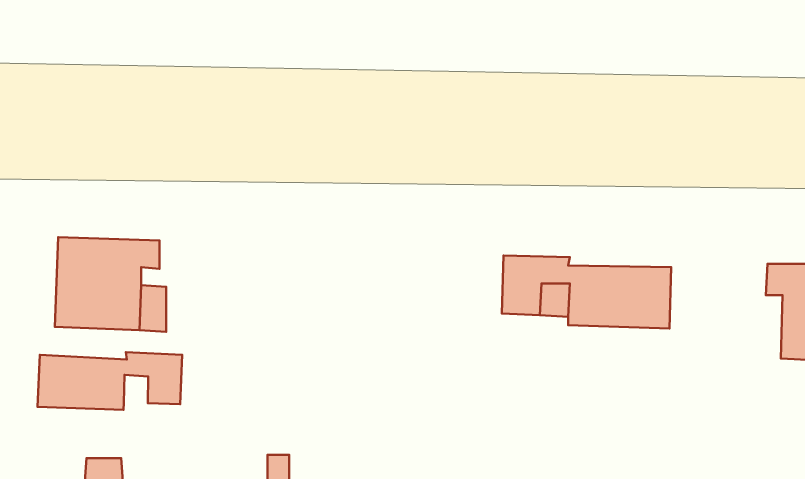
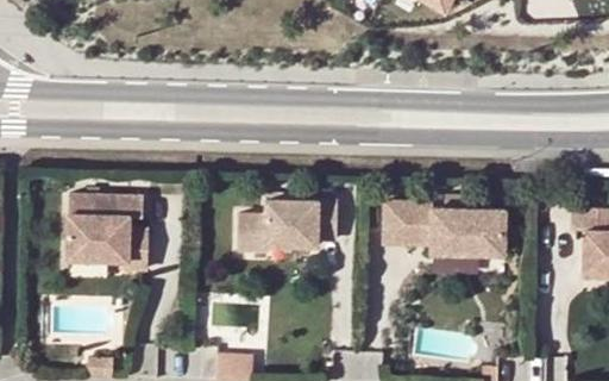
building: none -> [236,206,337,257]
building: [38,352,182,410] -> none

